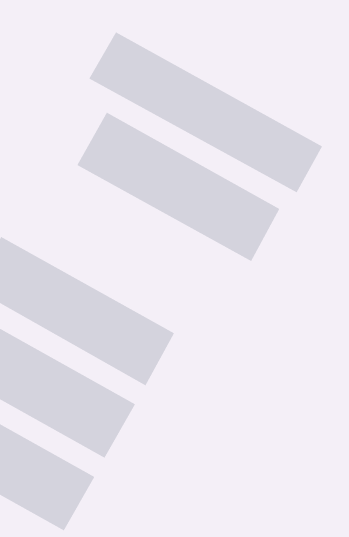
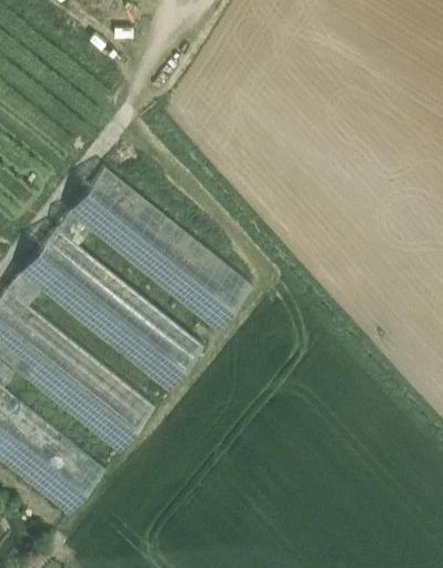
building: [88,31,323,193] -> none
building: [76,112,280,262] -> [67,168,252,332]

